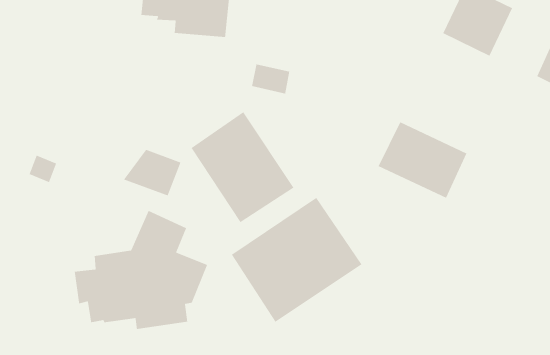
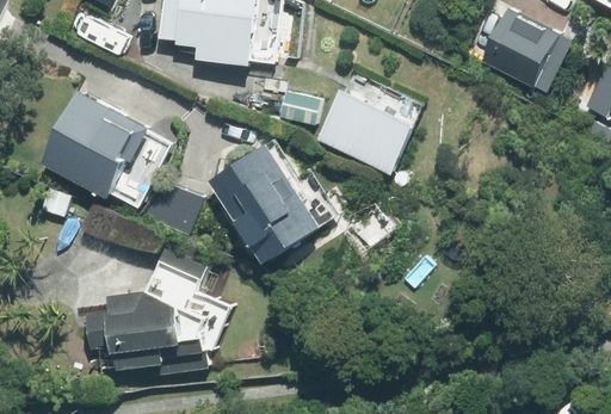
building: none -> [43,88,153,196]
building: [378,121,467,199] -> [315,93,412,177]
building: [231,197,363,323] -> none

